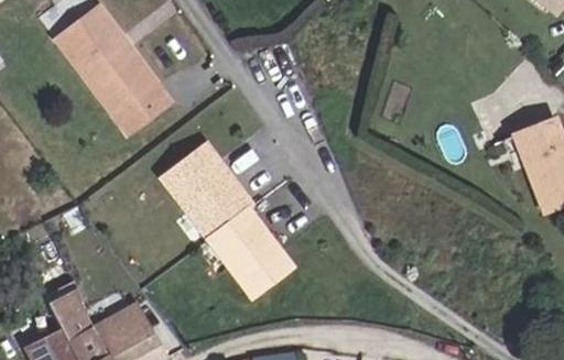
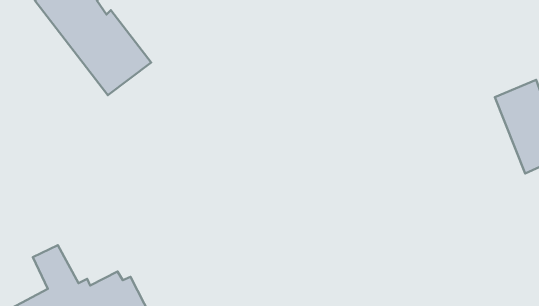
building: [160,143,282,296] -> none

